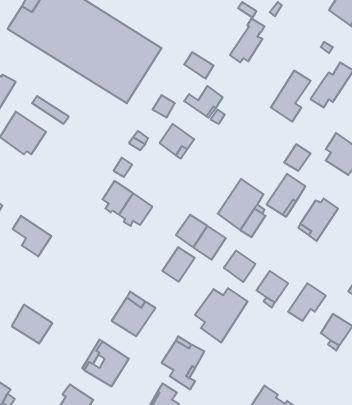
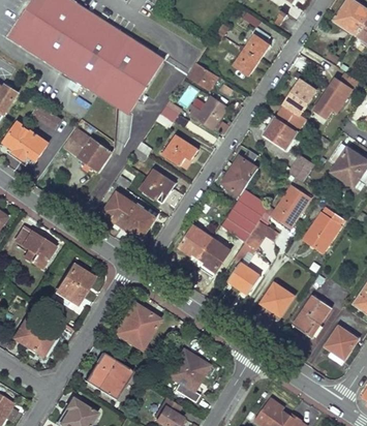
building: none -> [265,118,298,150]
building: none -> [65,129,112,171]
building: none -> [224,158,258,195]
building: none -> [141,169,176,200]
building: [162,247,195,282] -> none
building: none -> [57,267,92,304]
building: [195,288,248,343] -> none

